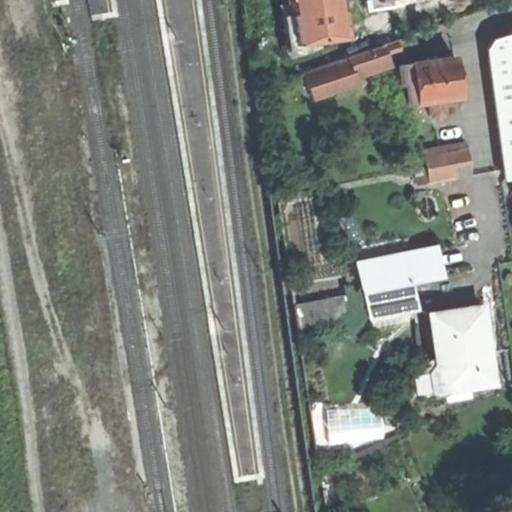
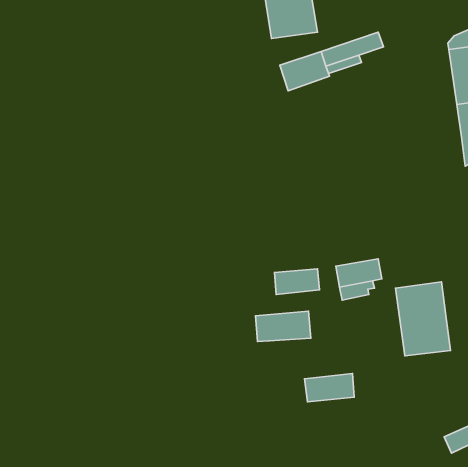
building: [405,58,462,104] -> none
building: [426,143,473,182] -> none
building: [360,251,441,291] -> none
building: none -> [255,311,311,342]

